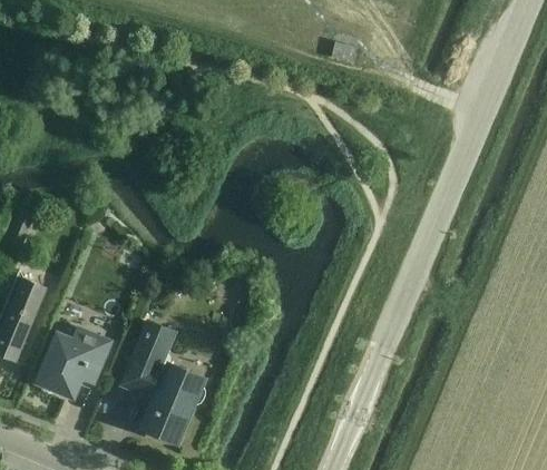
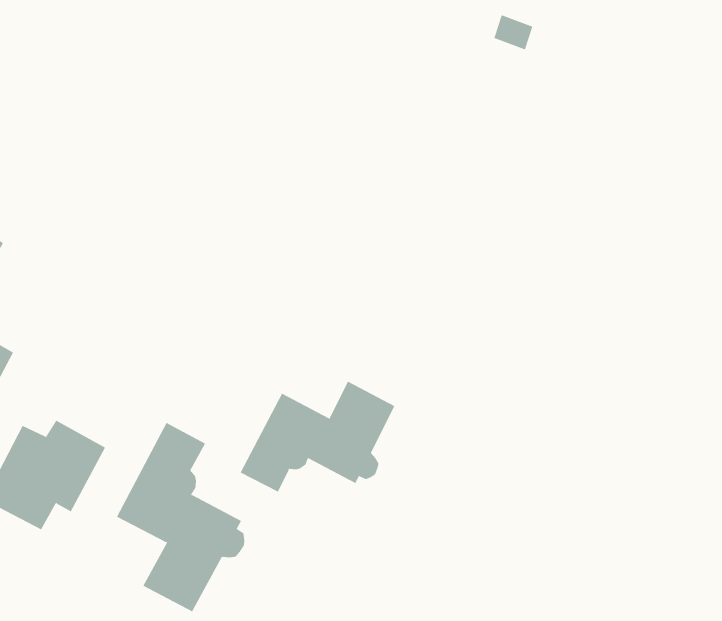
building: none -> [240,381,395,492]

